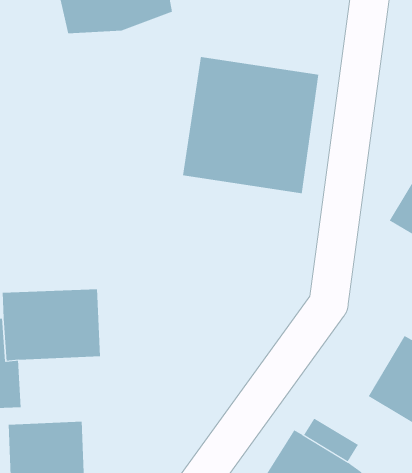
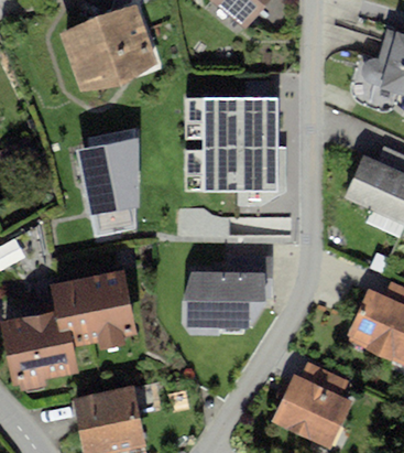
building: none -> [76,137,137,235]
building: none -> [187,276,272,337]

